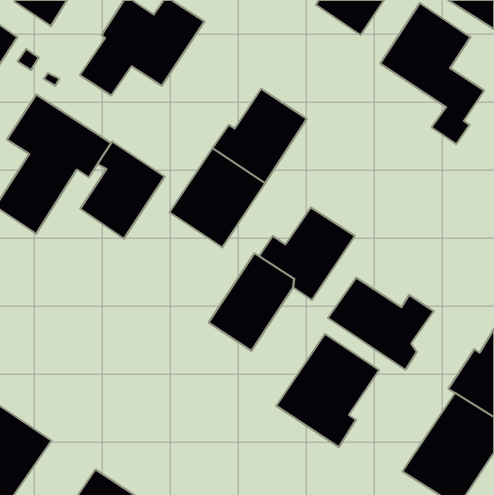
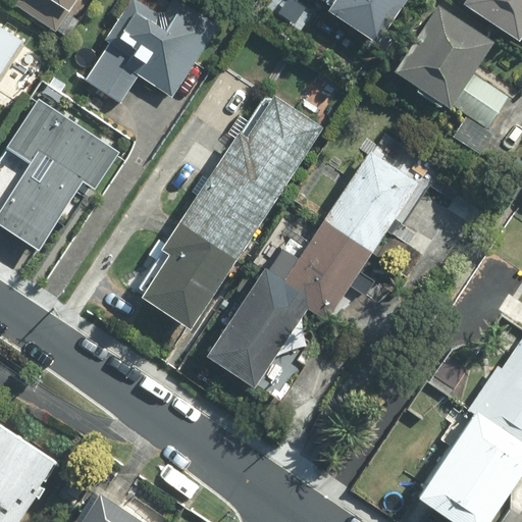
building: [80,141,165,239] -> [144,225,232,327]
building: none -> [325,153,415,250]
building: [328,278,434,370] -> none
building: [276,334,379,447] -> none

